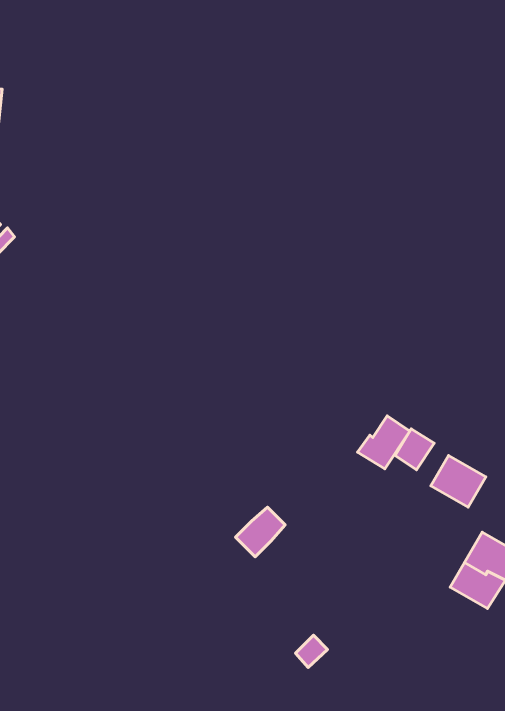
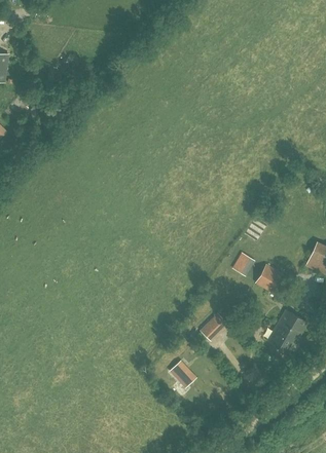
building: [357,416,410,469] -> none
building: [235,507,285,557] -> [198,312,227,341]

